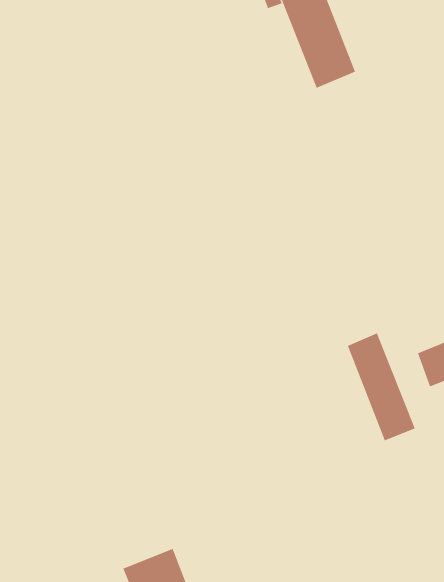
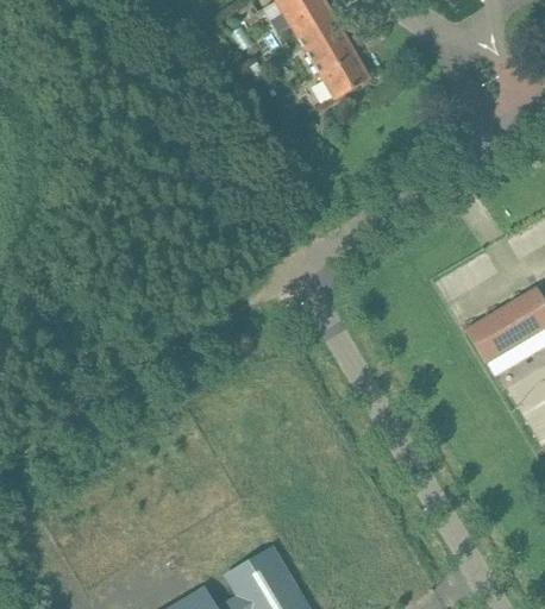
building: [347,332,416,441] -> none

